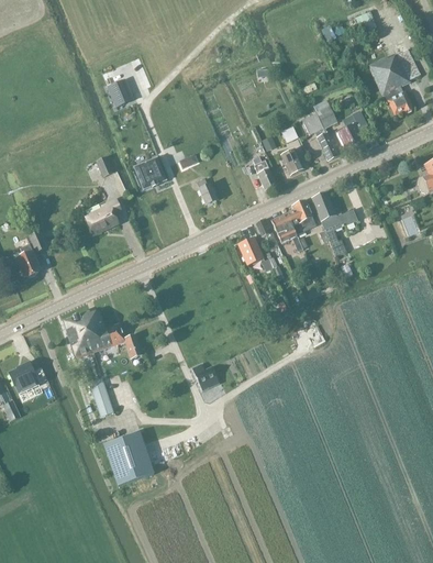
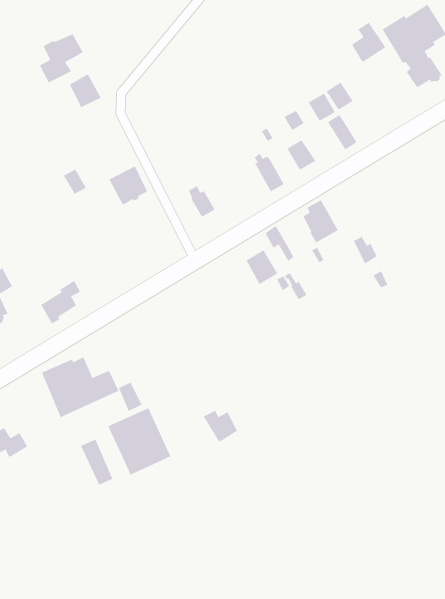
building: none -> [39,33,84,83]
building: [335,115,364,148] -> [351,22,386,63]
building: [311,191,357,233] -> none
building: [86,200,120,234] -> [40,280,81,324]
building: [271,212,297,243] -> none
building: [104,432,154,486] -> [108,408,171,475]

